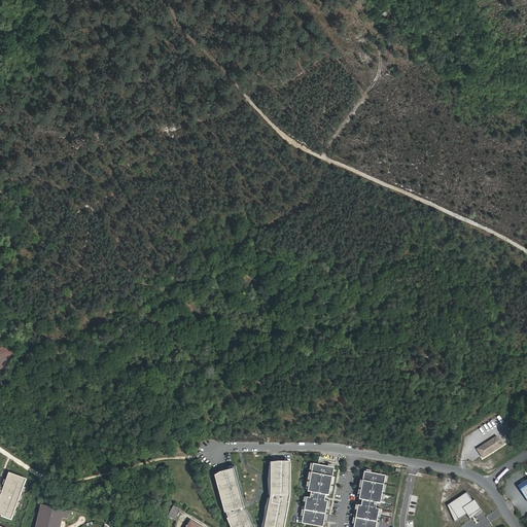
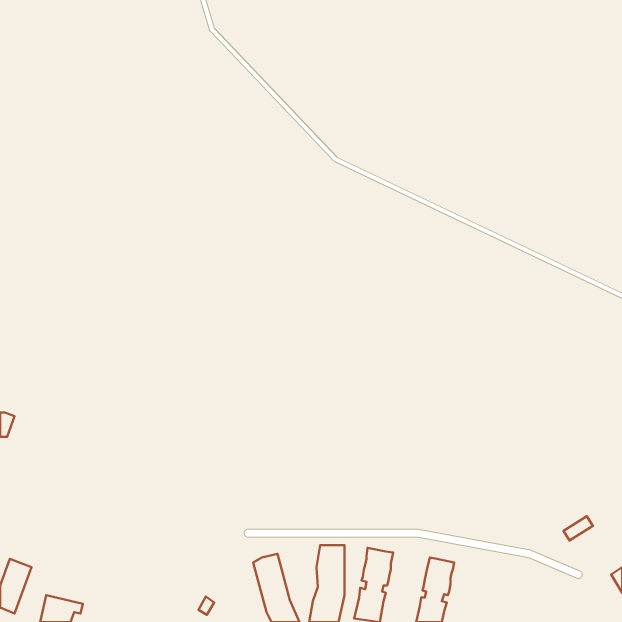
building: [448,492,482,521] -> none

